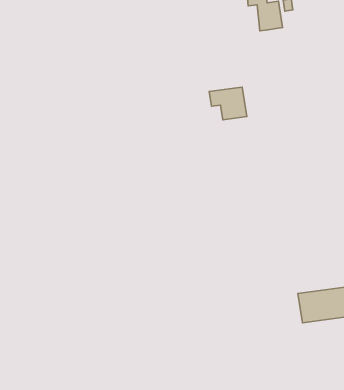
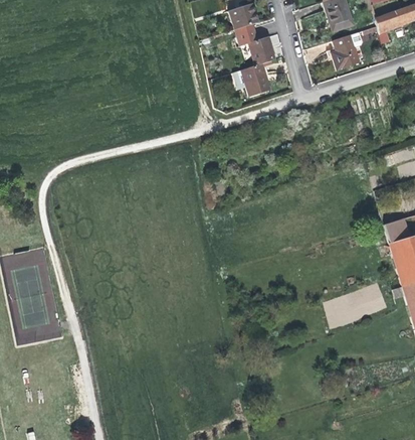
building: [209,87,247,120] -> [233,63,270,96]

